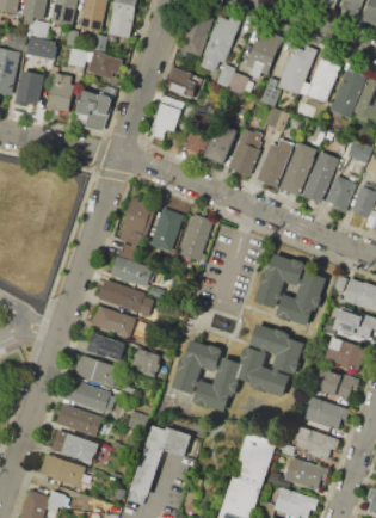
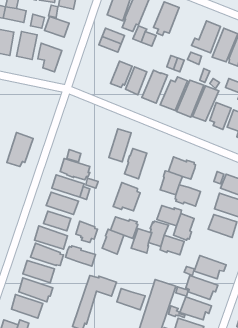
building: [277,47,316,95] -> none
building: [150,95,183,140] -> none
building: [118,197,156,246] -> [7,133,33,166]
building: [150,208,183,252] -> [125,148,147,179]
building: [295,271,326,307] -> none
building: none -> [113,182,140,211]
building: [321,370,359,401] -> none
building: [192,382,233,413] -> [117,289,145,310]
building: none -> [65,246,96,266]

